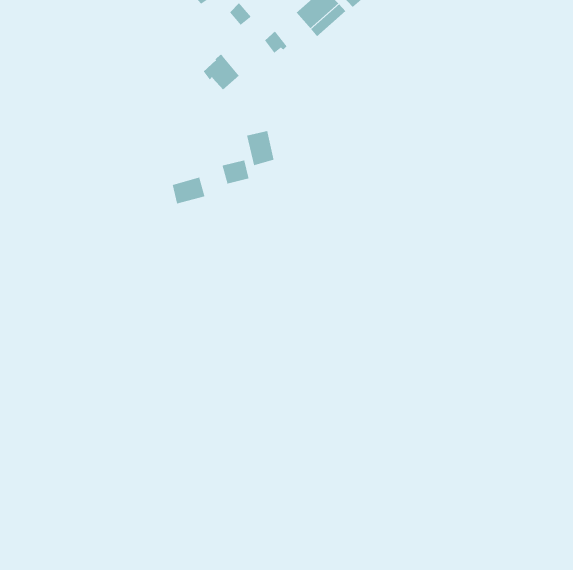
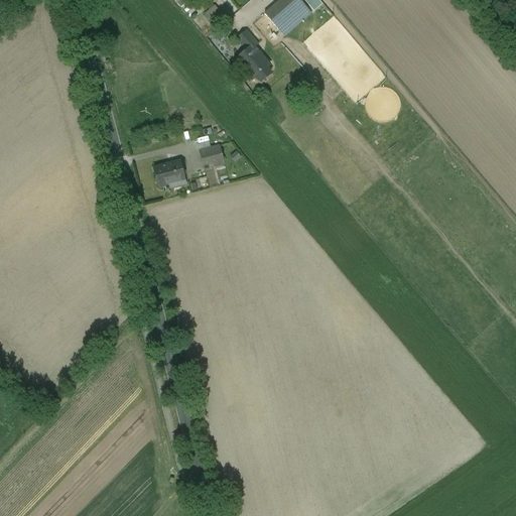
building: [203,53,240,91] -> [237,43,270,77]
building: [246,130,275,166] -> none

